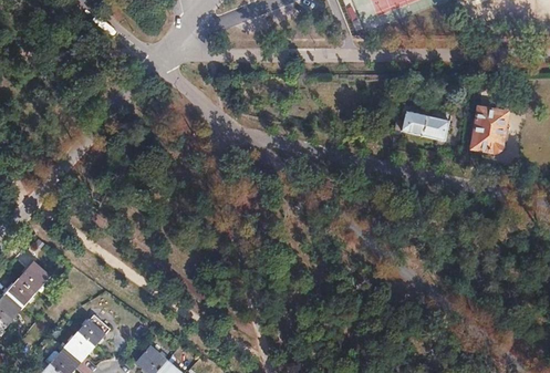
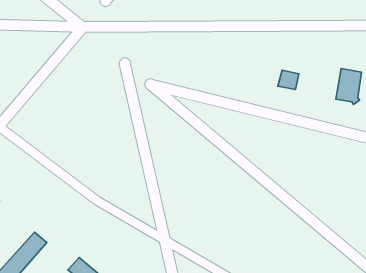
building: [422,114,448,139] -> none

